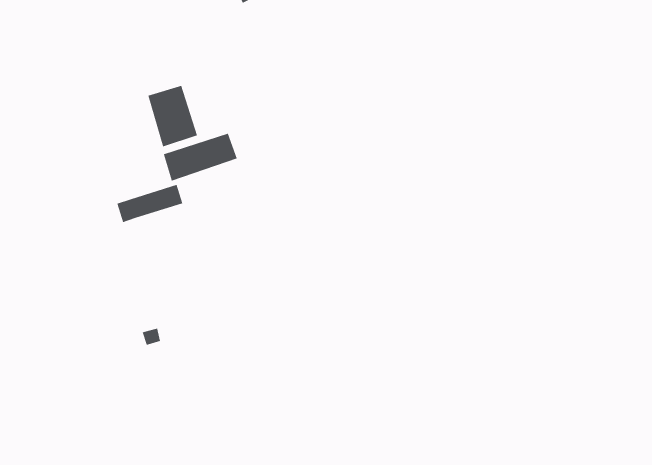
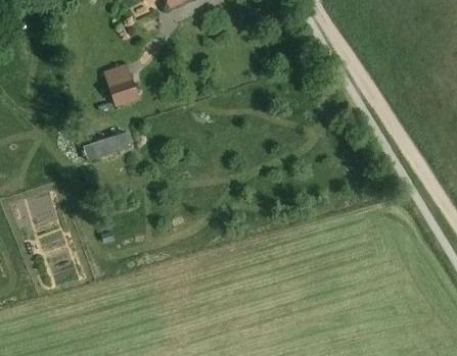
building: [163,133,238,182] -> none

